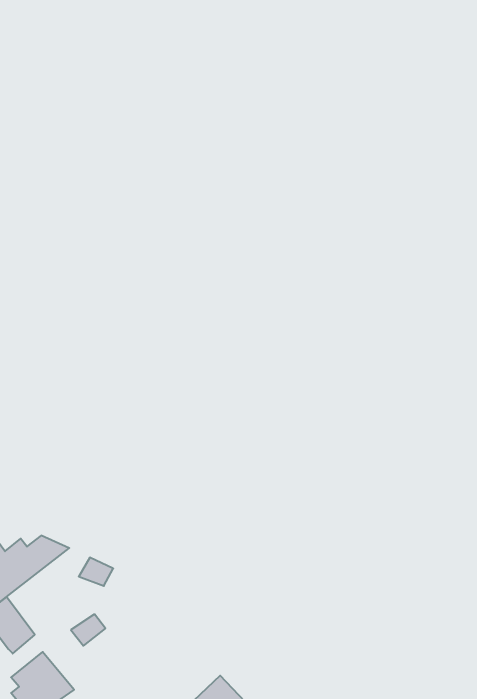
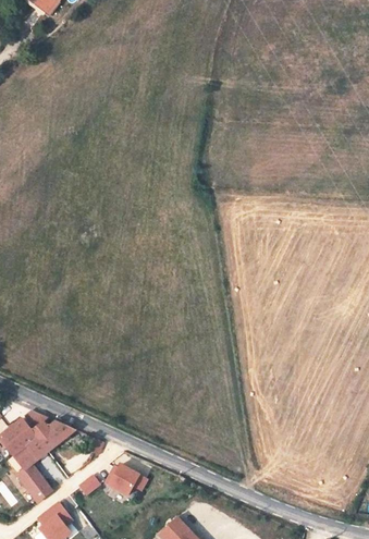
building: none -> [103,463,148,497]

